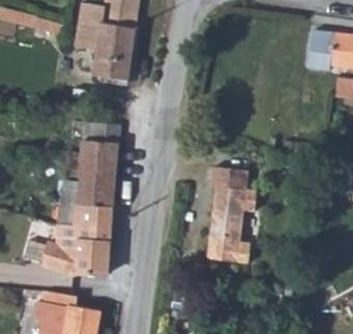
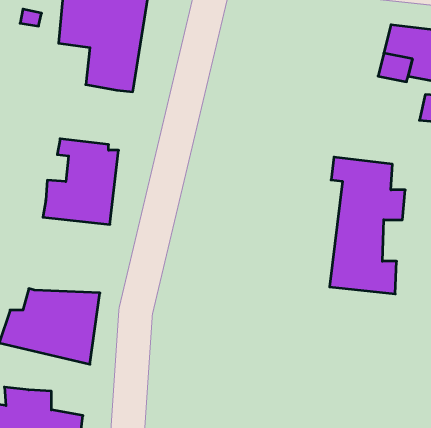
building: [60,169,115,223] -> none
building: [202,174,257,273] -> [330,157,405,294]

